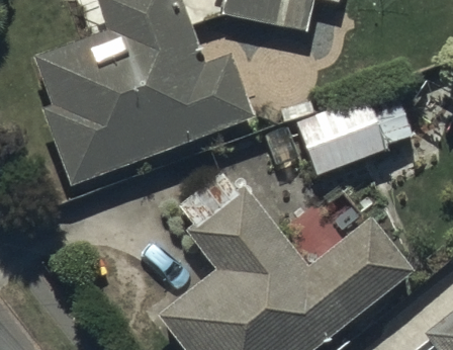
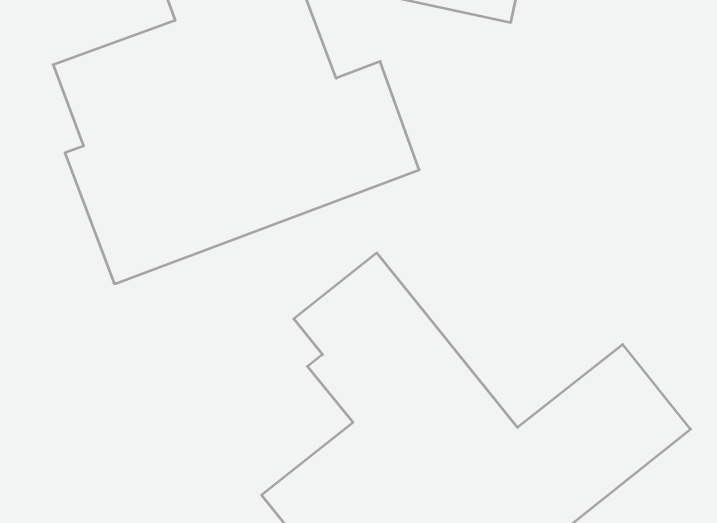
building: [296,90,415,176] -> none

